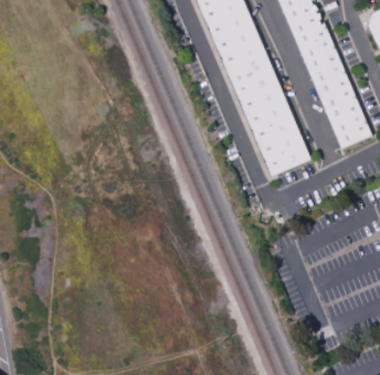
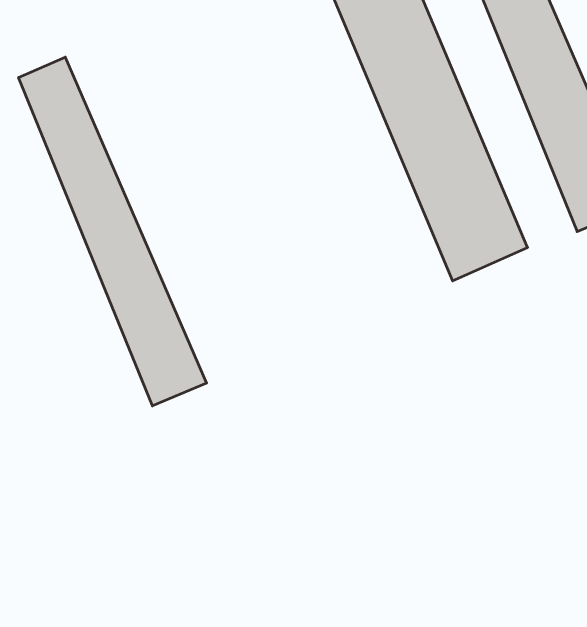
building: none -> [19,57,207,406]

